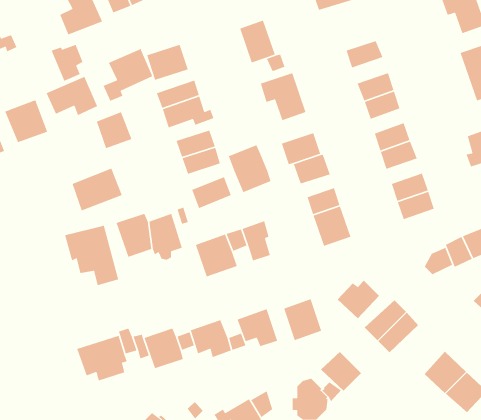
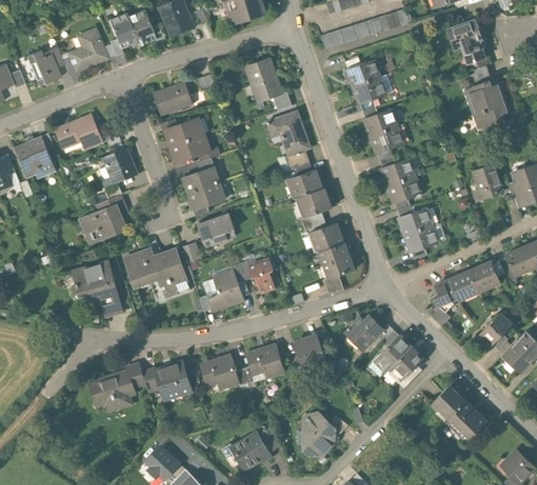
building: none -> [343,58,381,86]
building: [50,44,83,82] -> [32,46,64,84]
building: [103,48,153,102] -> none
building: [228,144,272,193] -> none
building: [320,351,362,391] -> none

